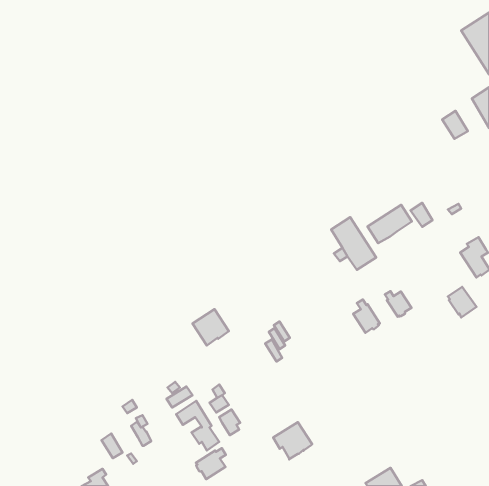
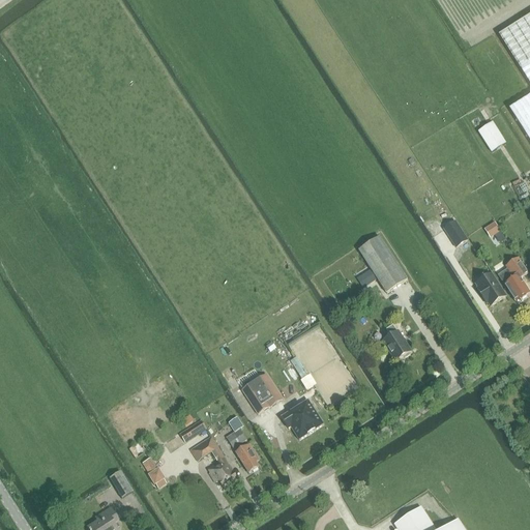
building: [368,205,412,243] -> none
building: [448,287,477,317] -> [475,272,506,305]
building: [385,291,412,317] -> none
building: [192,309,229,345] -> [243,374,283,413]
building: [273,422,312,459] -> [282,399,324,439]
building: [196,448,226,479] -> none

